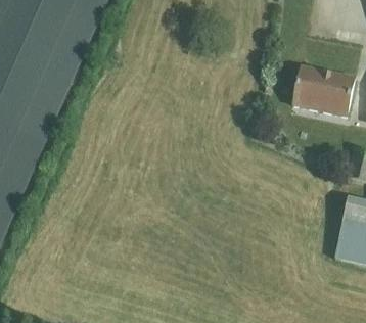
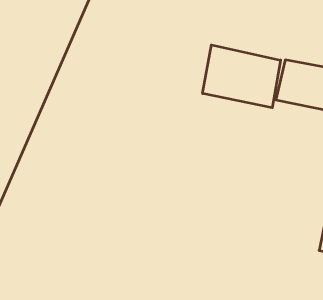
building: none -> [203,45,281,108]

